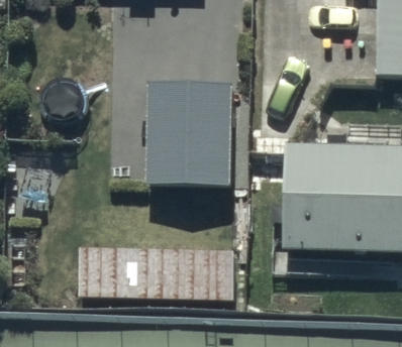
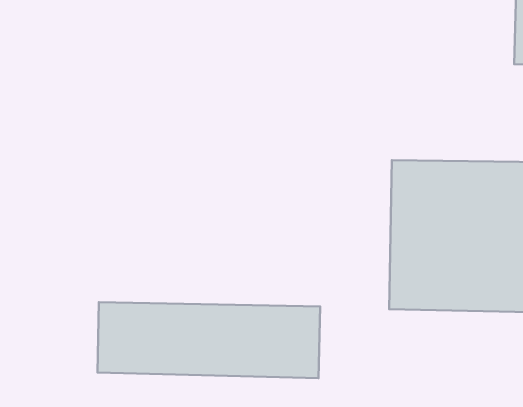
building: [142,81,229,188] -> none

